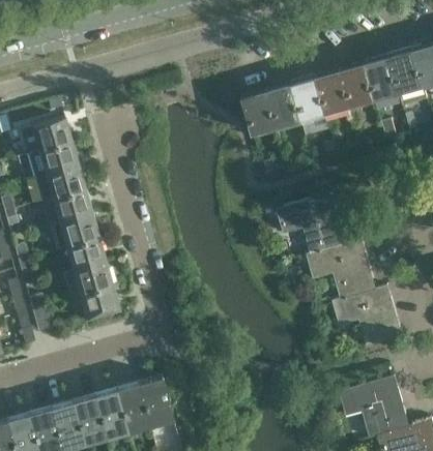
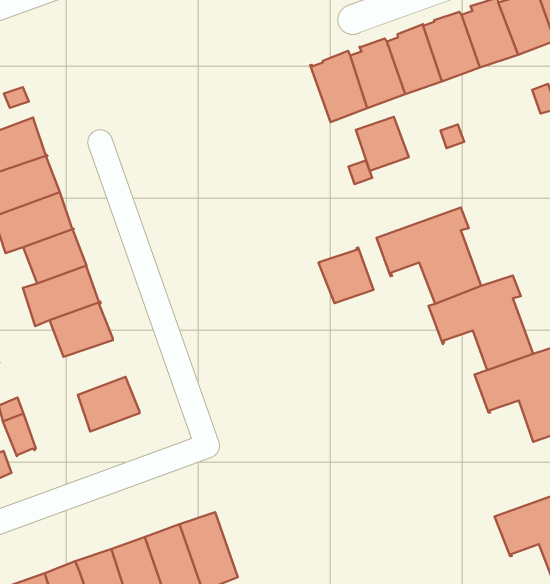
building: none -> [356,117,409,171]
building: none -> [319,247,373,303]
building: [74,263,113,296] -> none

